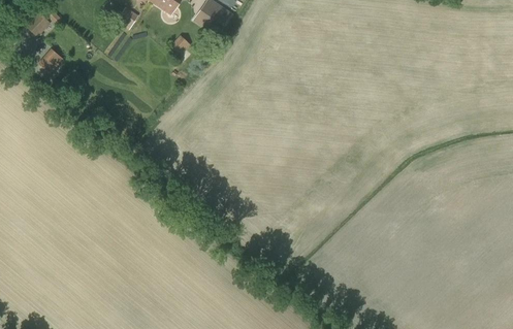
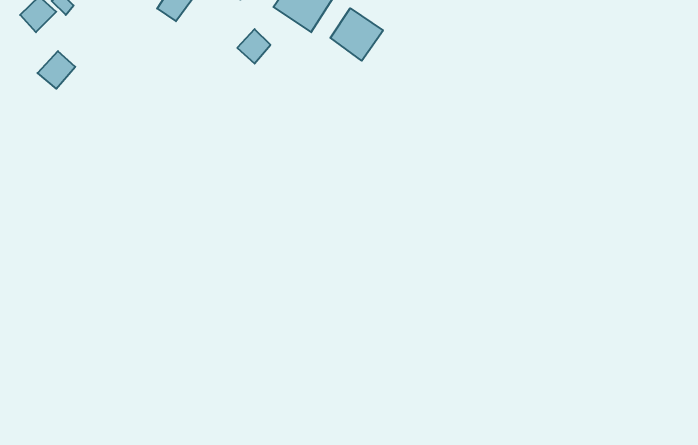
building: none -> [330,8,383,61]

